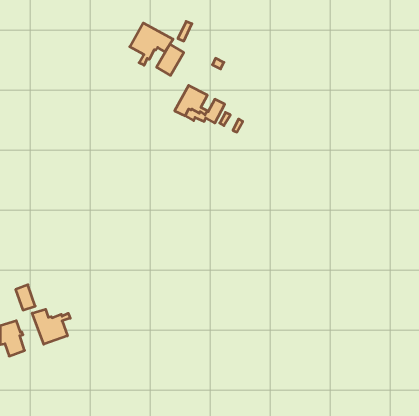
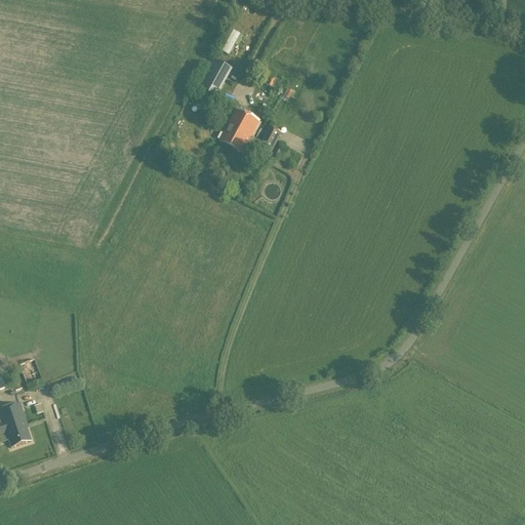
building: [130,23,173,65] -> none
building: [32,309,70,344] -> none

